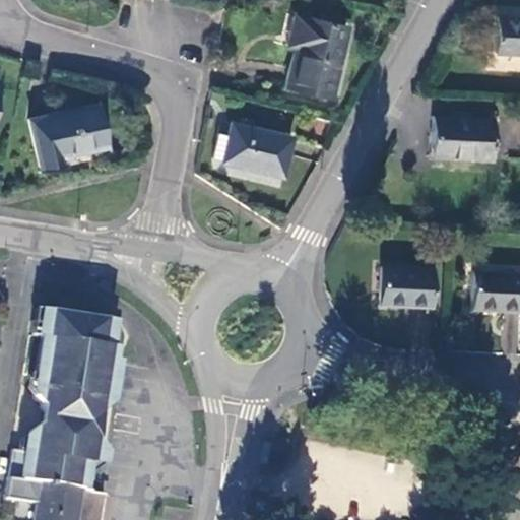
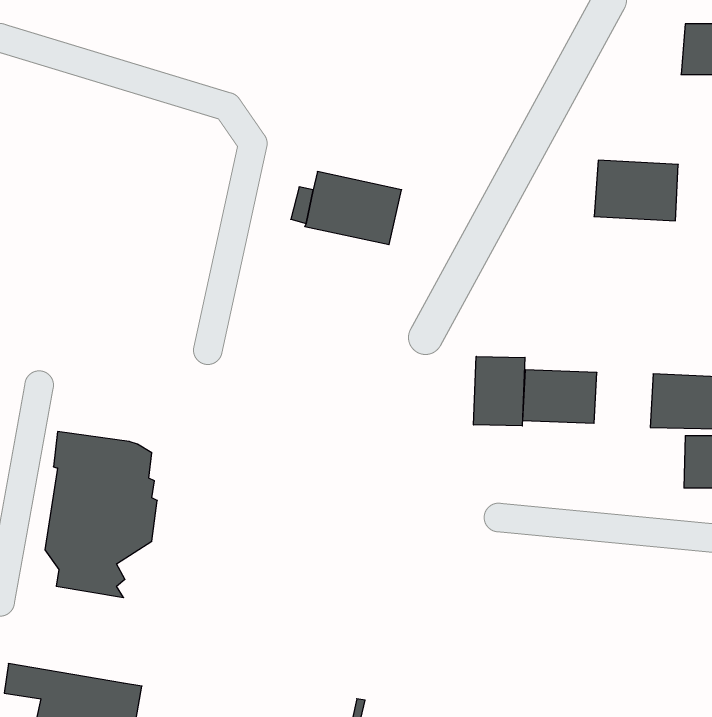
building: [289,17,348,98] -> none
building: [31,104,111,174] -> none
building: none -> [474,356,525,426]
building: [10,425,106,495] -> none

